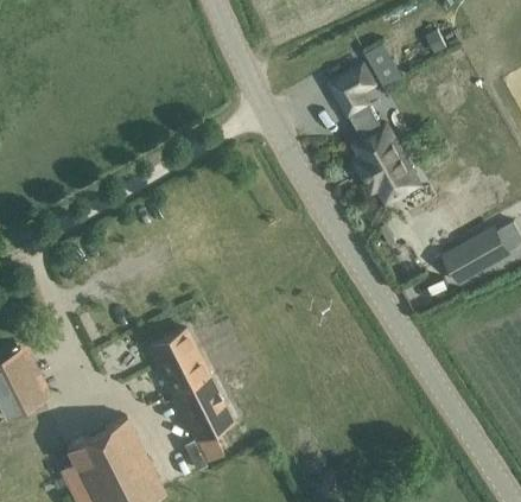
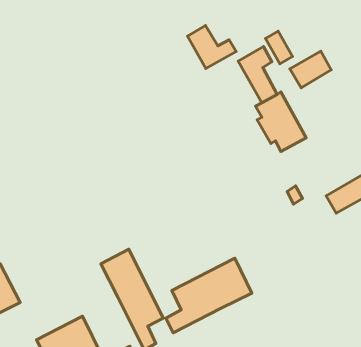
building: none -> [188,26,236,68]
building: none -> [290,51,331,88]
building: none -> [166,258,252,333]

